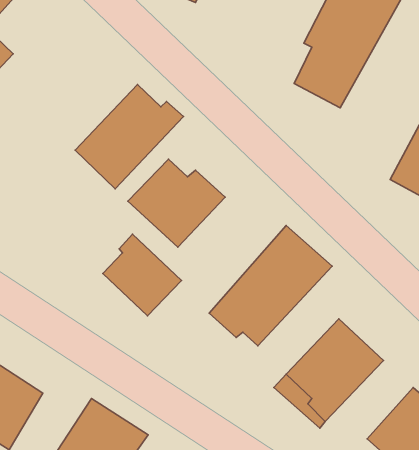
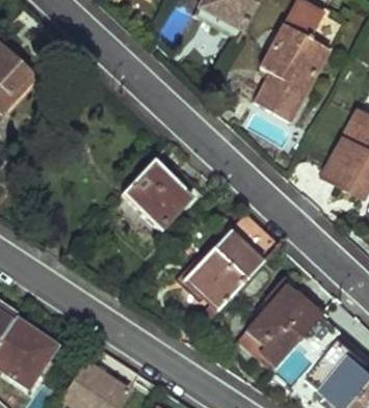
building: [75,85,184,189] -> none
building: [103,234,181,316] -> none

